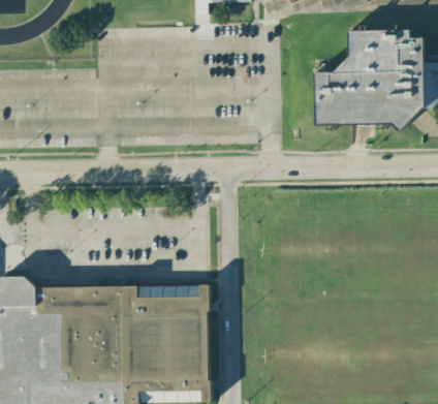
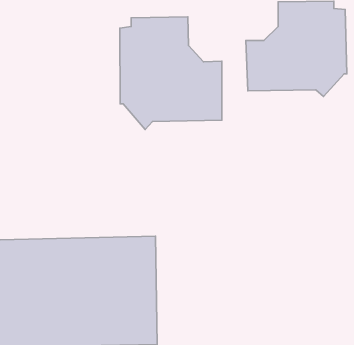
building: none -> [120,17,222,130]

